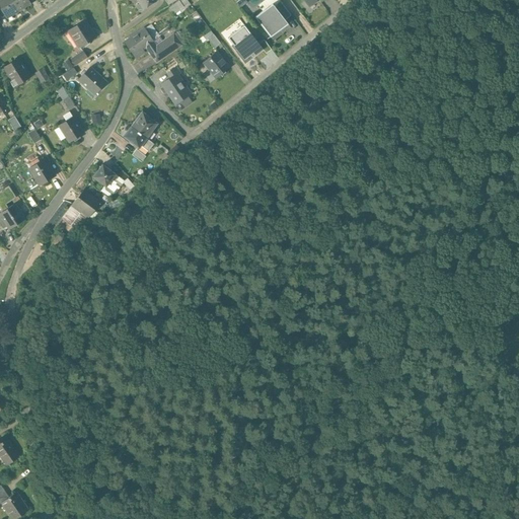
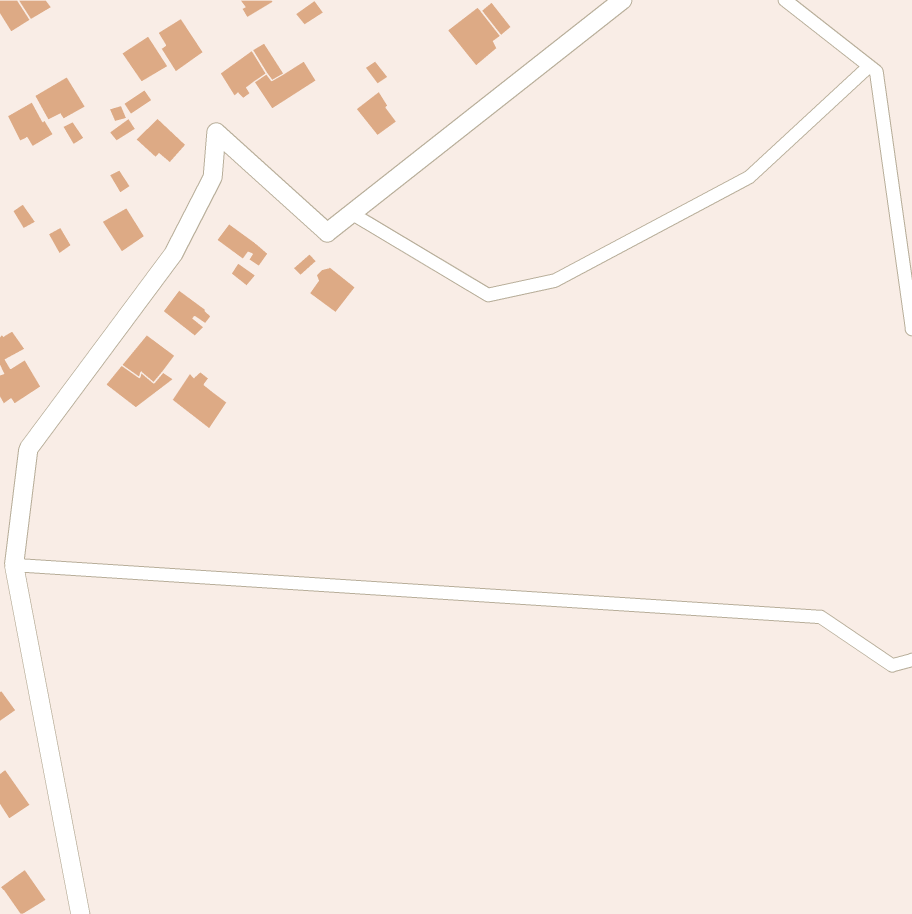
building: none -> [158,18,204,72]
building: [227,25,260,59] -> none
building: none -> [34,77,86,120]
building: [160,68,188,103] -> none
building: [130,112,156,138] -> [309,266,356,313]
building: [27,158,54,184] -> none
building: none -> [172,371,227,429]

